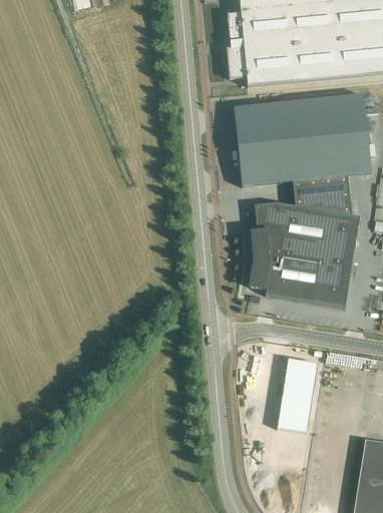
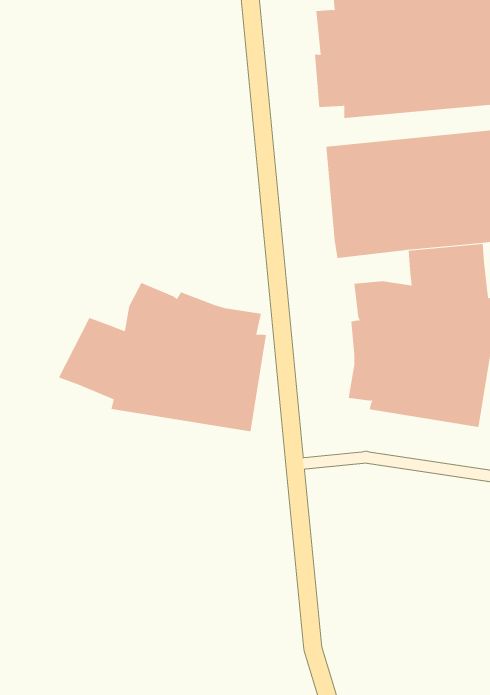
building: none -> [58,282,266,432]
building: [278,359,319,432] -> none

